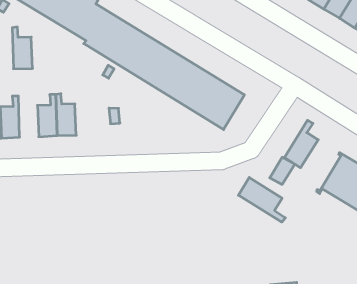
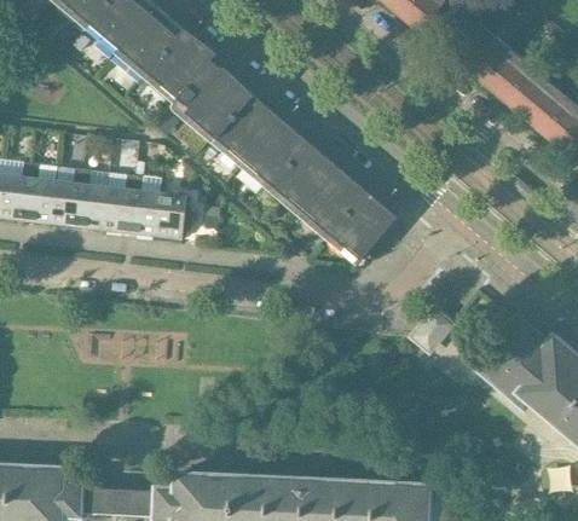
building: [12,27,33,69] -> [76,169,108,230]
building: none -> [155,192,193,239]
building: [285,120,318,168] -> none
building: [238,177,285,222] -> none

